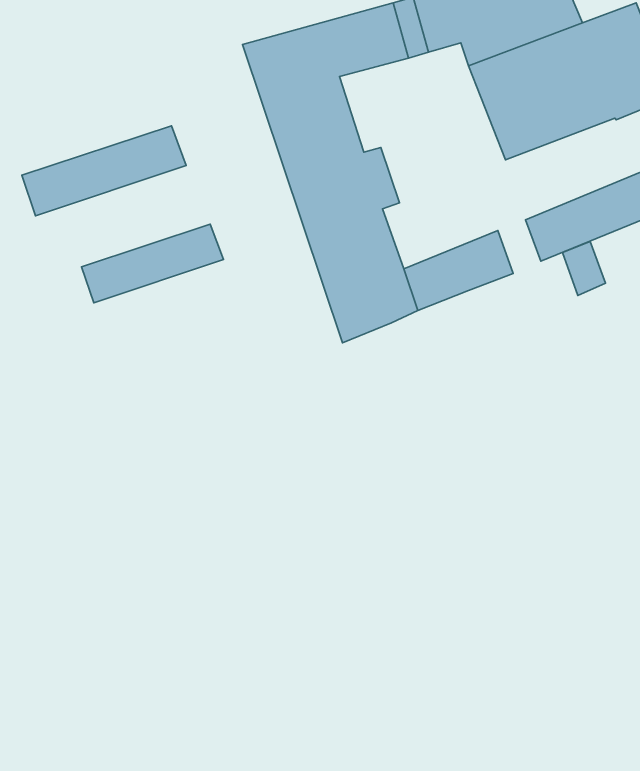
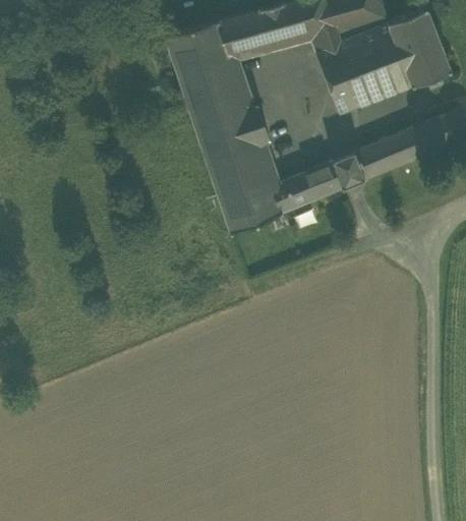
building: [22,126,186,216] -> none
building: [82,224,223,303] -> none
building: [563,242,606,295] -> [335,154,363,189]

